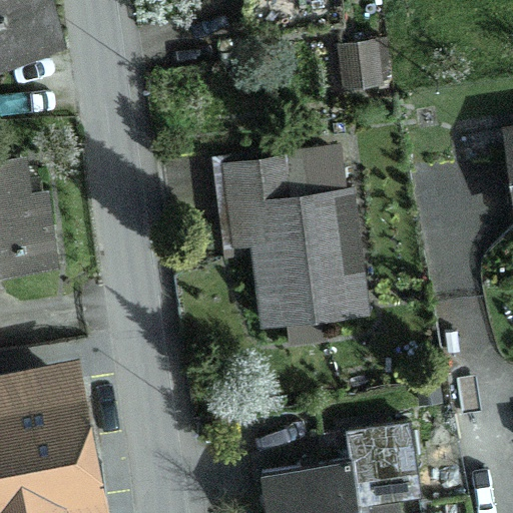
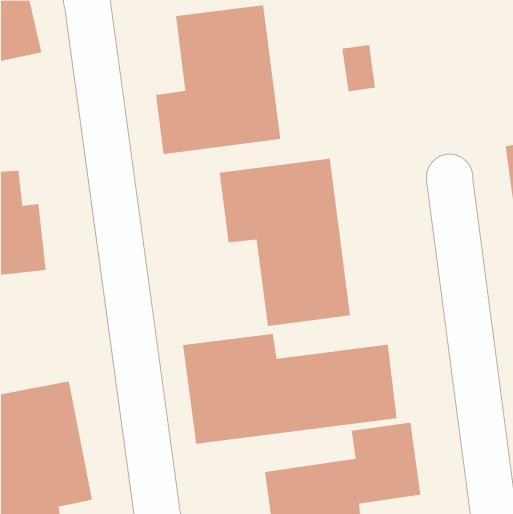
building: none -> [155,5,281,155]
building: none -> [183,333,397,445]

